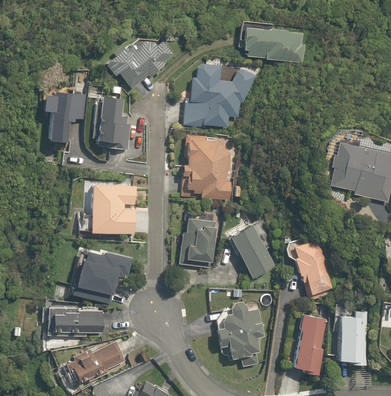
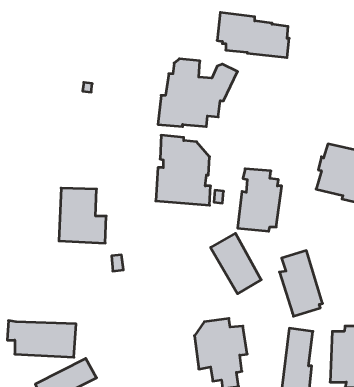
building: [104,40,172,88] -> none
building: [45,91,86,141] -> none
building: [91,95,129,148] -> none
building: [177,212,218,270] -> [238,169,282,231]
building: [71,250,132,307] -> none

